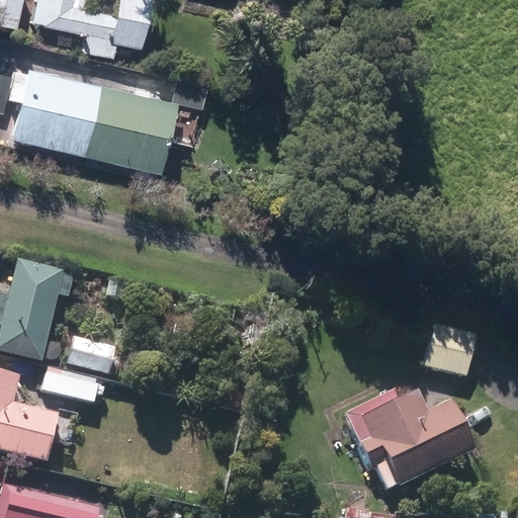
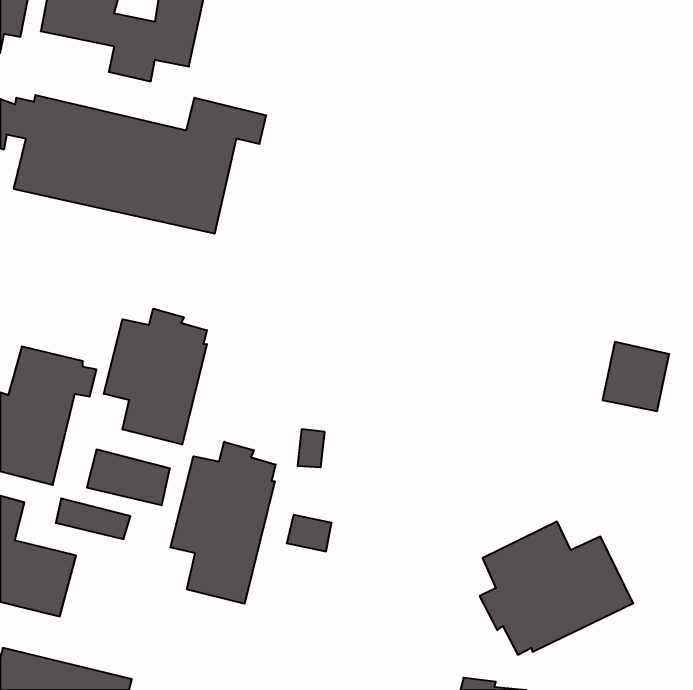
building: none -> [104,309,207,445]
building: [425,323,474,374] -> [603,342,669,411]
building: none -> [170,442,276,604]

